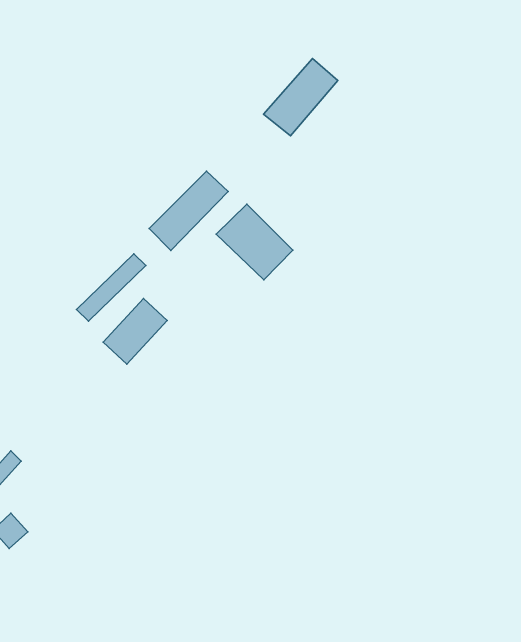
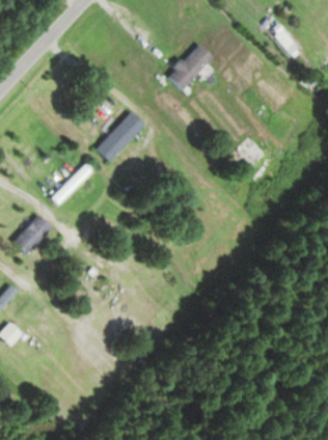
building: [216,204,293,280] -> none
building: [103,298,167,364] -> [13,214,53,254]

